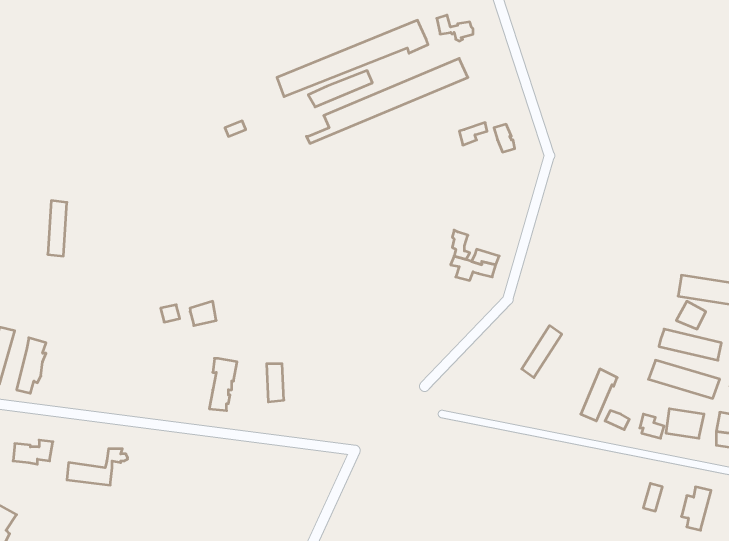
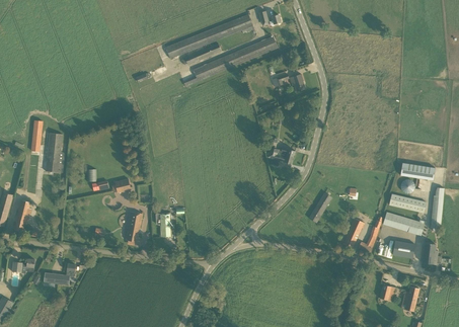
building: none -> [46,133,65,173]

